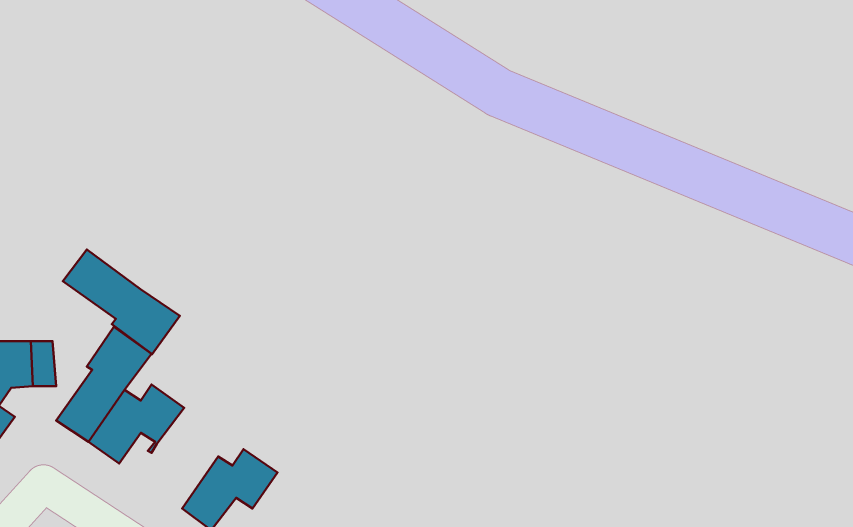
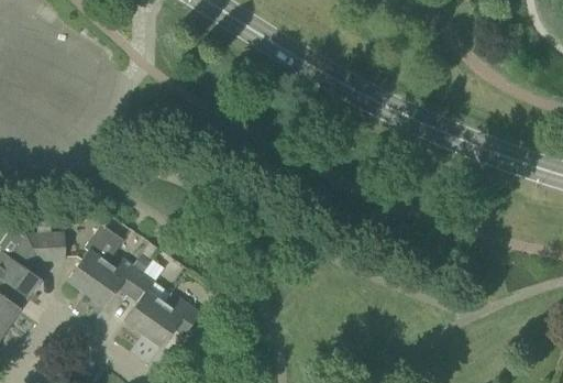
building: [63,250,180,354] -> none
building: none -> [123,274,170,336]

